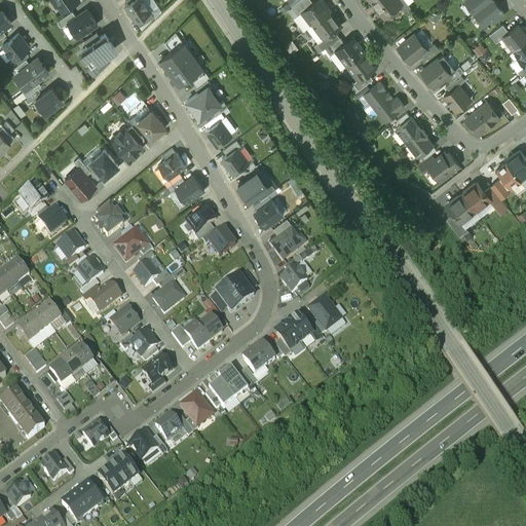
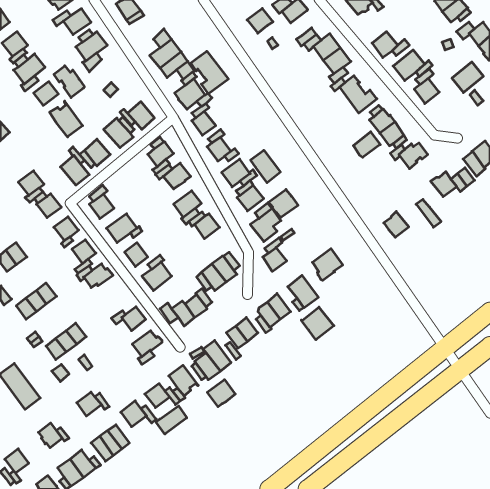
building: [312,11,340,38] -> [247,8,273,33]
building: none -> [191,51,228,94]
building: none -> [54,66,84,98]
building: [465,102,499,135] -> [452,62,483,93]
building: none -> [50,101,83,137]
building: none -> [353,132,380,157]
building: none -> [251,150,280,183]
building: [448,194,475,222] -> [384,211,409,237]
building: none -> [268,189,298,217]
building: none -> [312,249,343,280]
building: [110,305,139,333] -> none
building: none -> [301,307,334,340]
building: none -> [207,380,235,407]
building: none -> [156,406,187,434]

